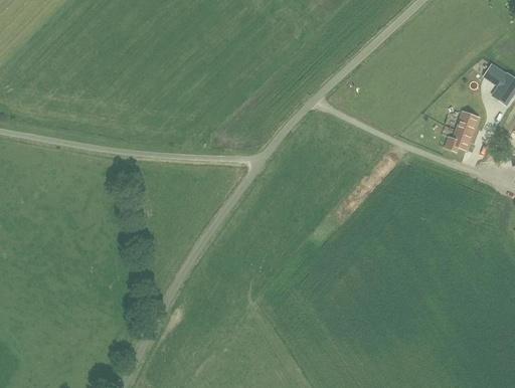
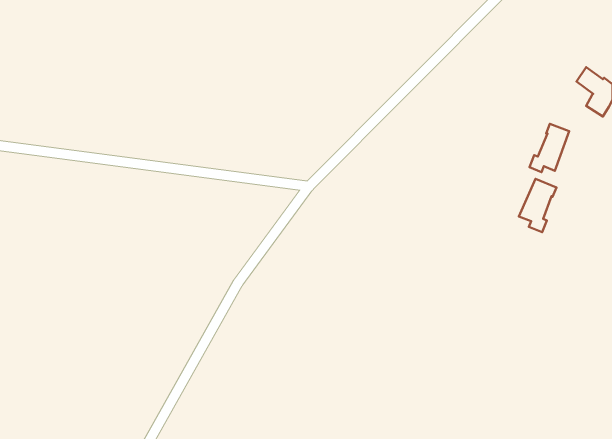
building: none -> [519,179,557,232]

